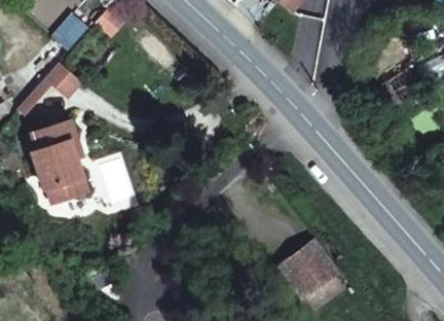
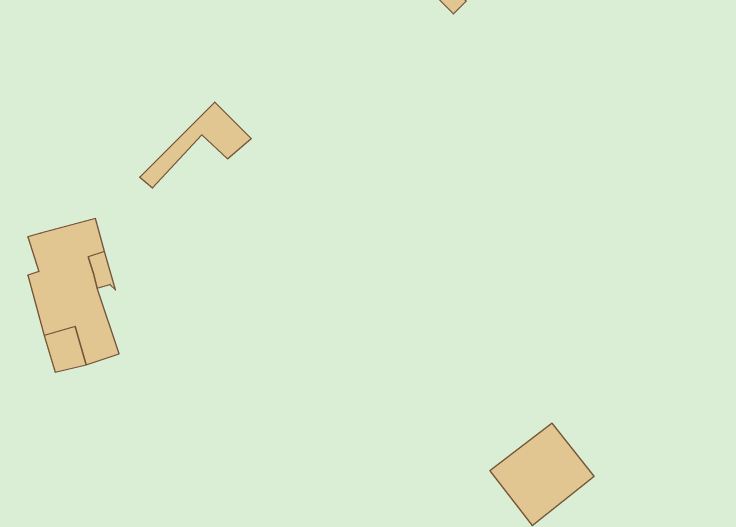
building: [12,66,75,114] -> [140,102,251,188]

